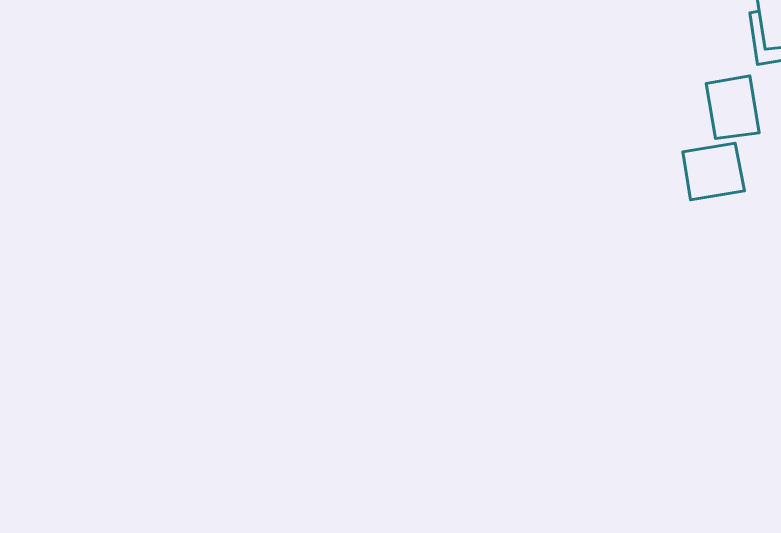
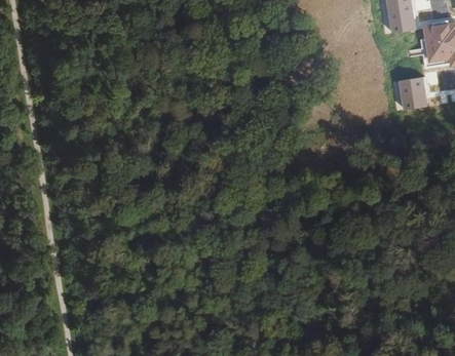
building: [683,143,744,200] -> none

